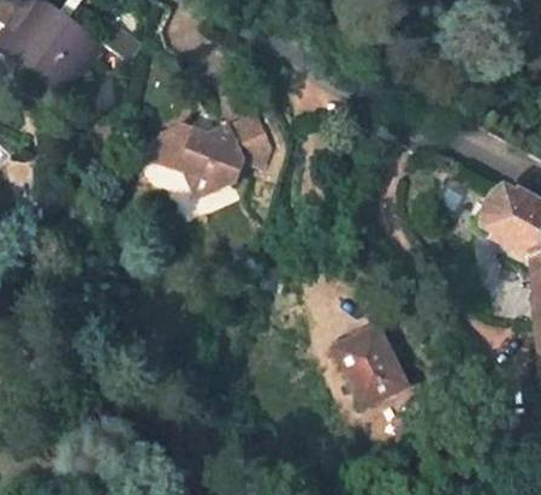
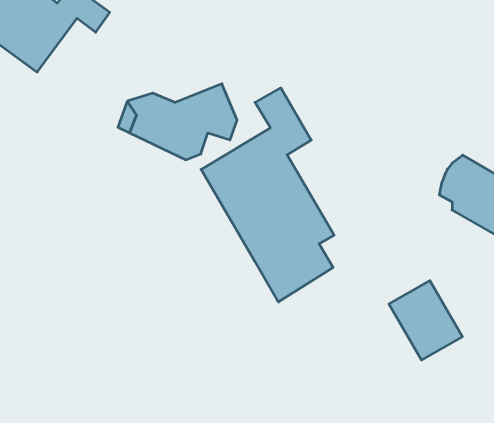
building: none -> [201,88,334,302]
building: [326,320,402,401] -> [389,281,462,360]

